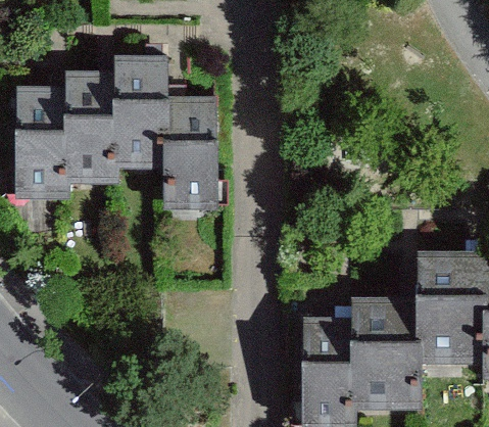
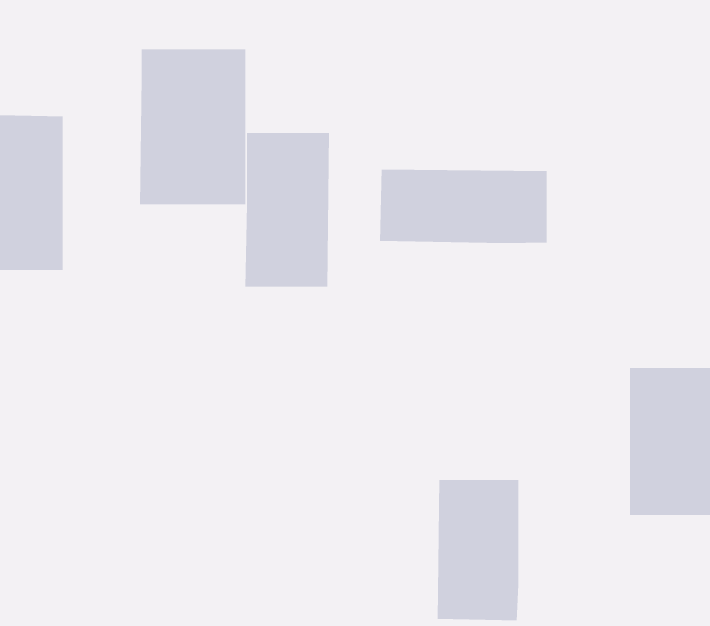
building: [65,80,113,181] -> none
building: none -> [379,169,547,244]
building: [348,310,417,394] -> none

